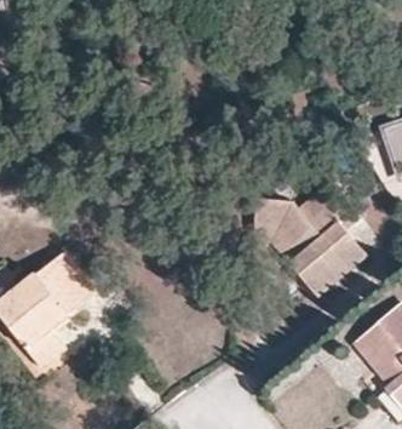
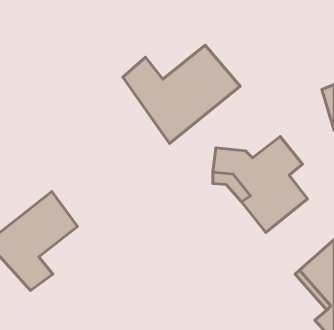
building: none -> [123,45,240,144]

